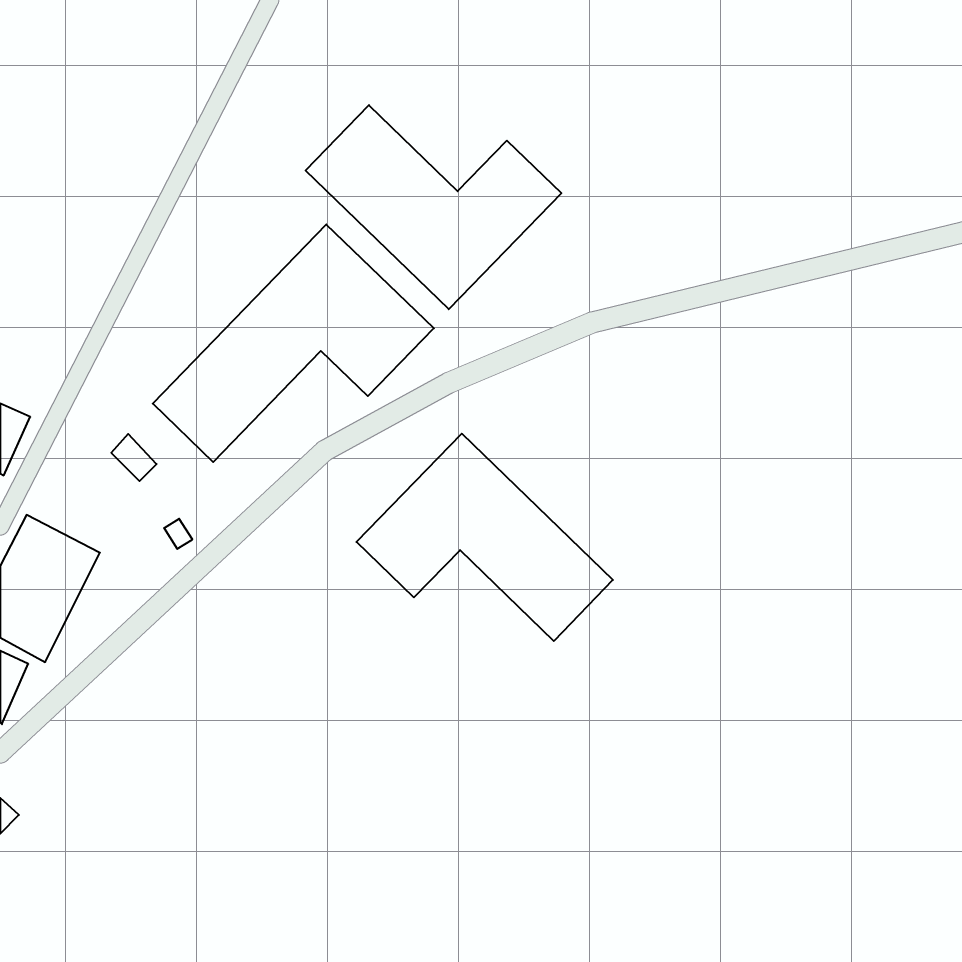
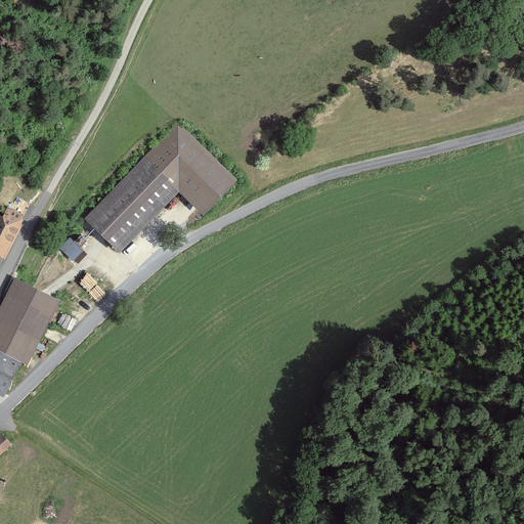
building: [306,105,561,309] -> none
building: [356,434,613,641] -> none

